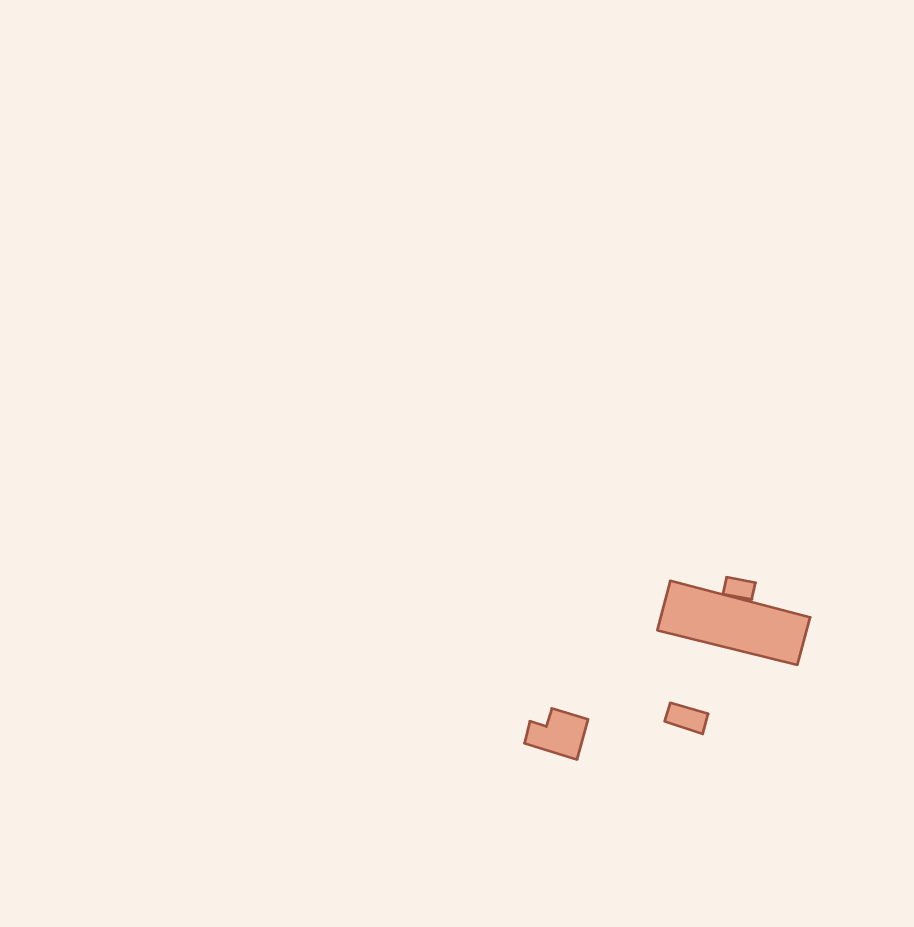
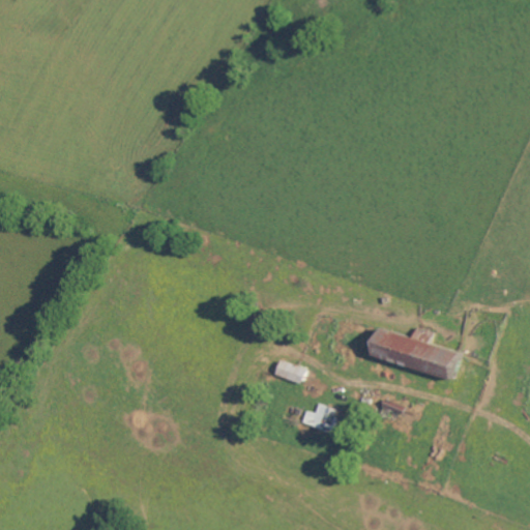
building: none -> [272,360,303,384]

